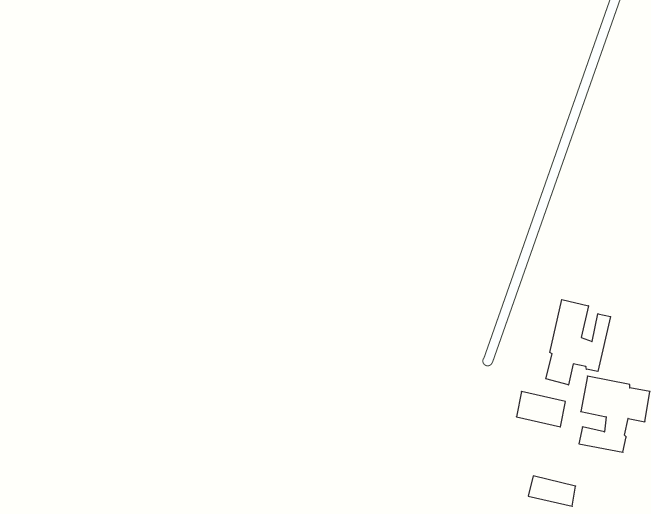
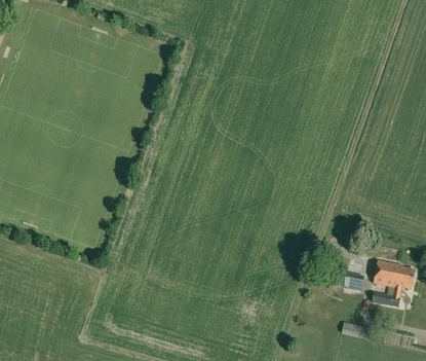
building: [546,300,611,385] -> none

